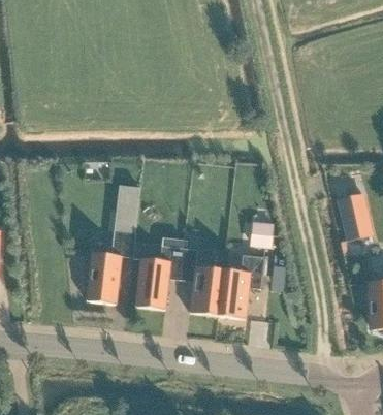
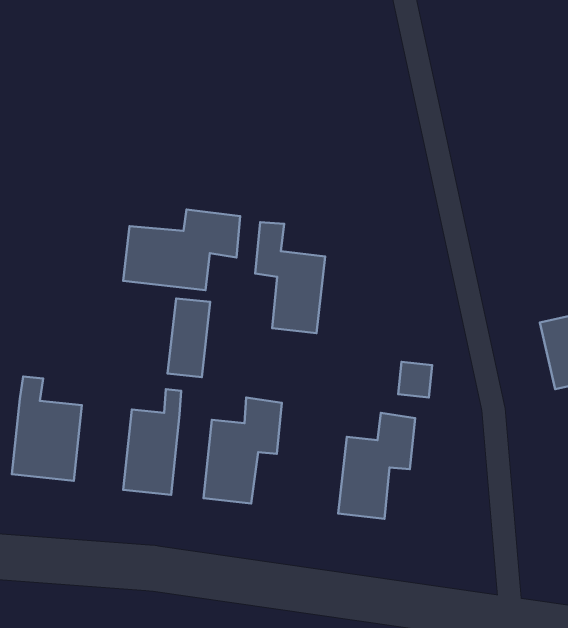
building: none -> [123,210,240,290]
building: none -> [12,376,82,481]
building: [180,248,222,315] -> [255,222,325,333]

